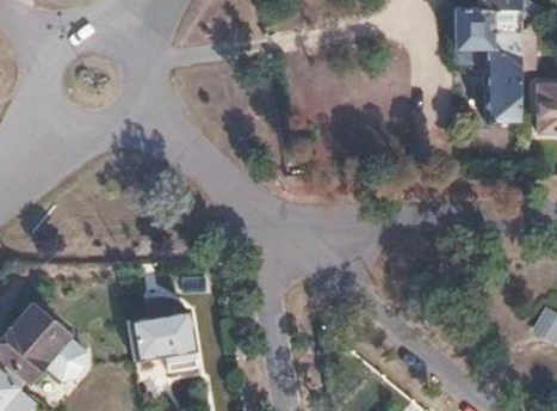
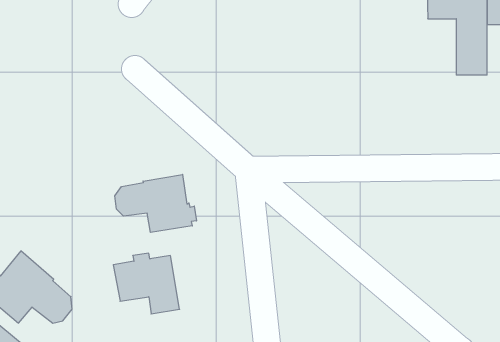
building: none -> [115,174,196,232]

